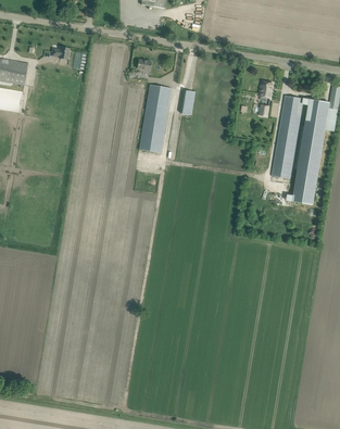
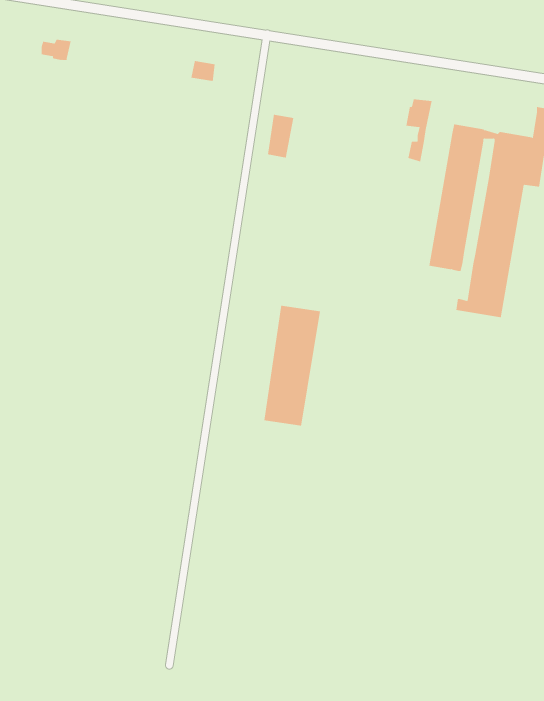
building: [139,84,172,152] -> [263,305,321,426]

